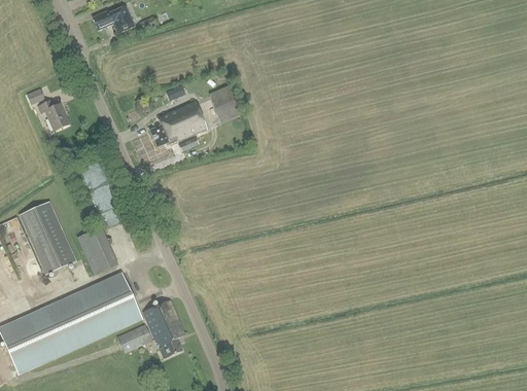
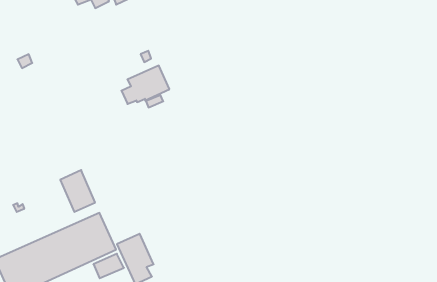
building: [208,83,241,121] -> none
building: [39,100,70,131] -> none
building: [20,202,76,275] -> none

